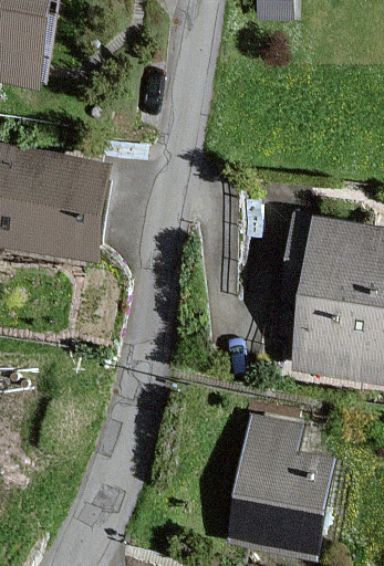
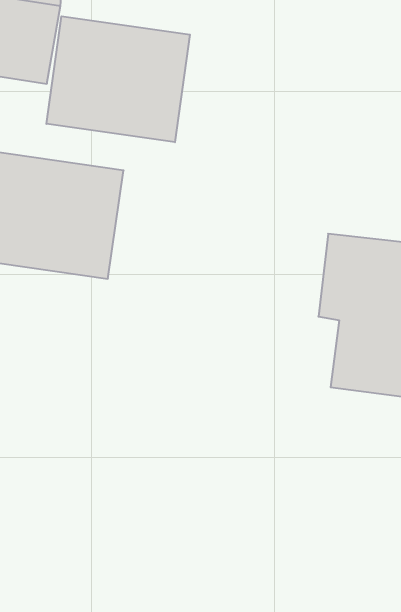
building: none -> [46,16,190,142]
building: [233,418,331,547] -> none

